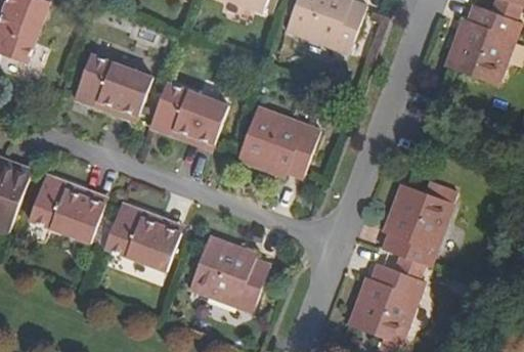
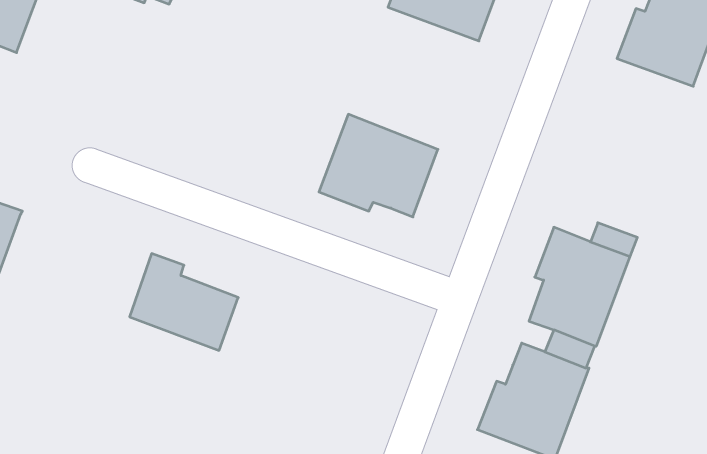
building: [74,55,151,116] -> none
building: [149,83,228,144] -> none
building: [29,175,105,241] -> none
building: [189,236,269,314] -> none

